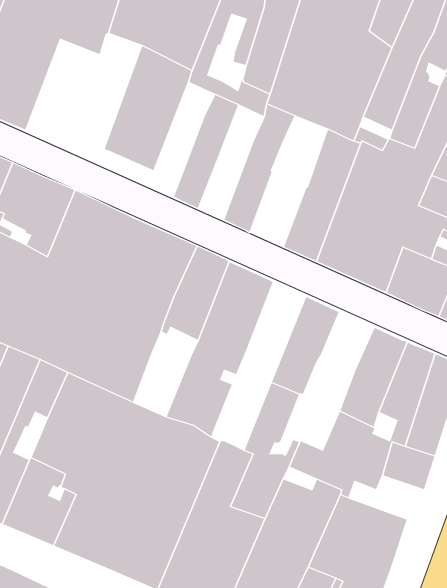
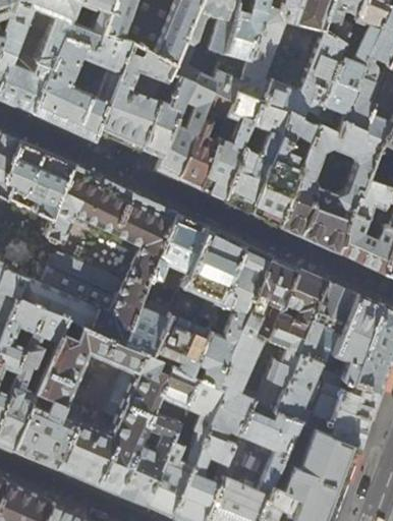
building: none -> [32,32,130,142]
building: none -> [141,73,192,158]
building: none -> [178,93,234,190]
building: none -> [222,102,288,214]
building: none -> [189,243,270,387]
building: none -> [265,269,328,387]
building: none -> [123,301,172,358]
building: none -> [306,408,371,448]

